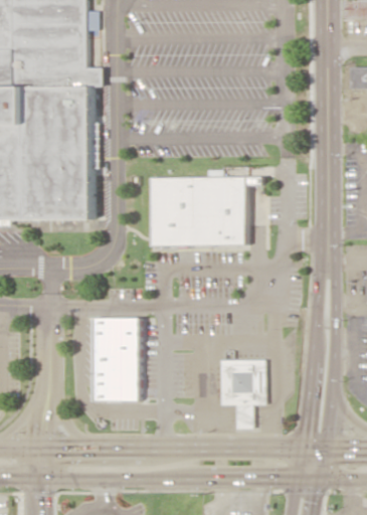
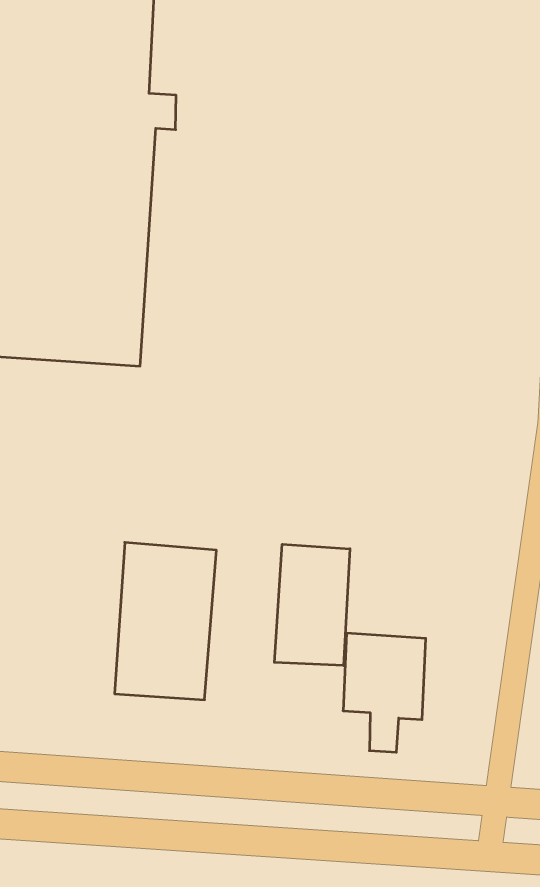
building: [153,176,247,246] -> none
building: none -> [274,544,350,666]

